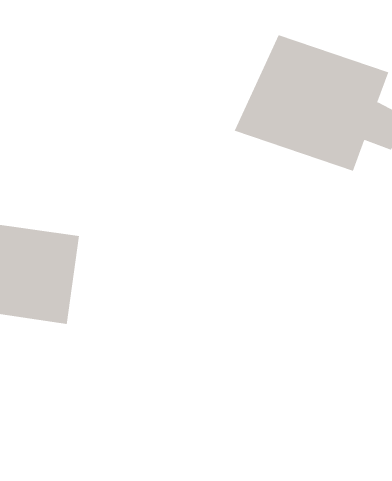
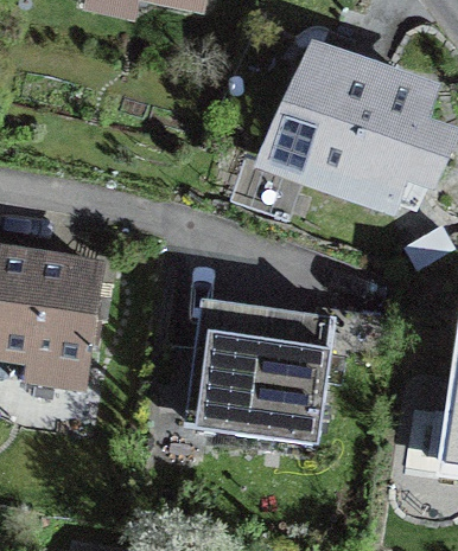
building: none -> [197,302,333,443]

